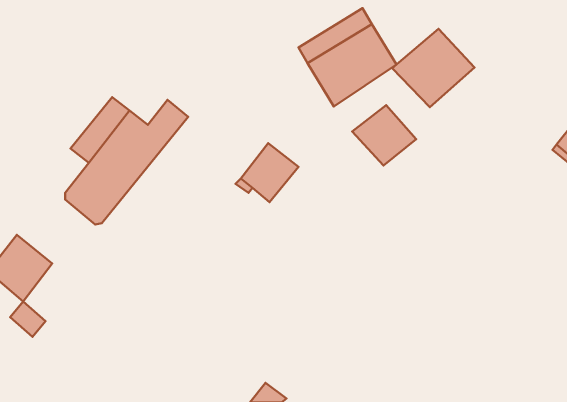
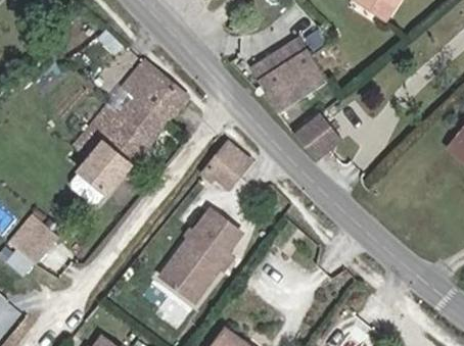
building: [392,29,474,107] -> none
building: none -> [120,60,186,127]
building: none -> [160,208,239,299]

